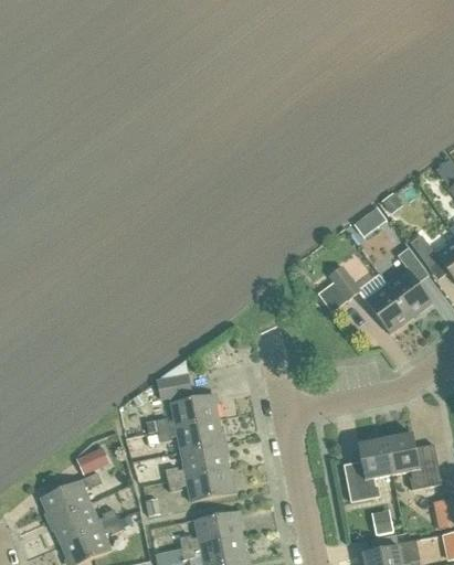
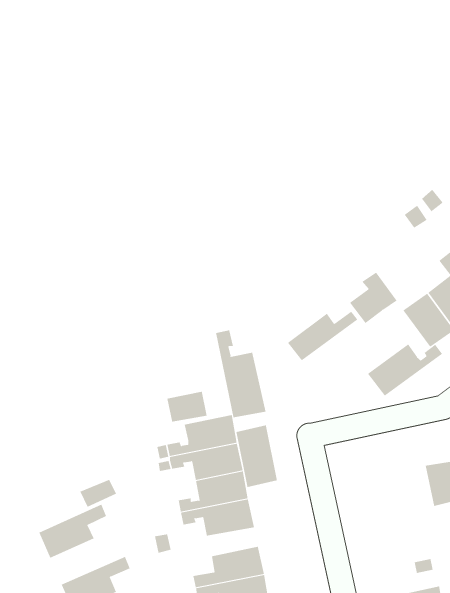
building: none -> [287,311,358,361]
building: none -> [215,330,266,418]
building: none -> [367,344,443,396]
building: none -> [236,424,277,488]
building: [345,438,393,502] -> none
building: [52,503,119,544] -> none

